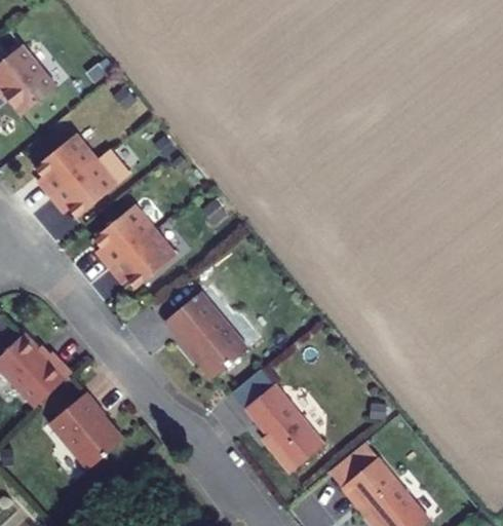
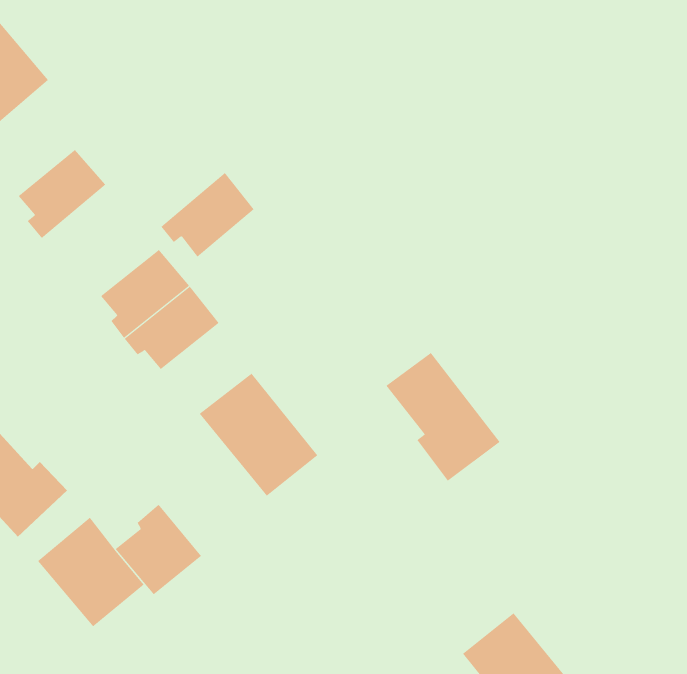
building: [50,159,116,219] -> [160,172,255,258]
building: [247,382,327,473] -> [386,352,500,482]
building: none -> [115,504,202,595]
building: [328,441,380,487] -> none

